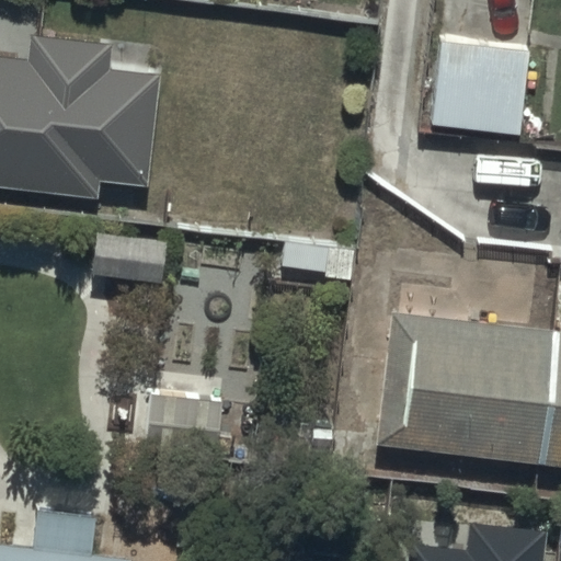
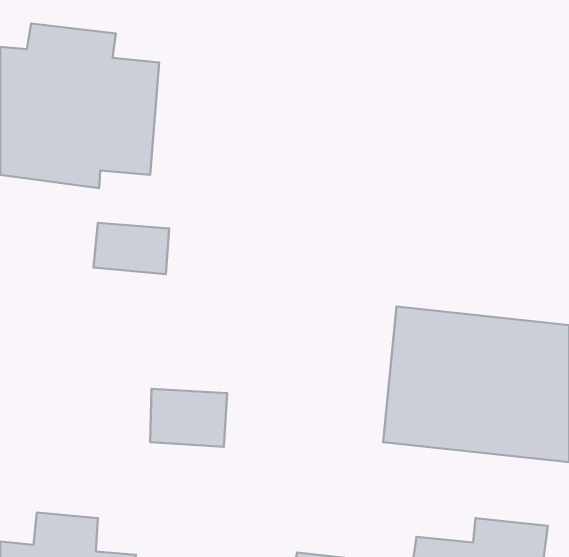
building: [425,42,529,134] -> none

